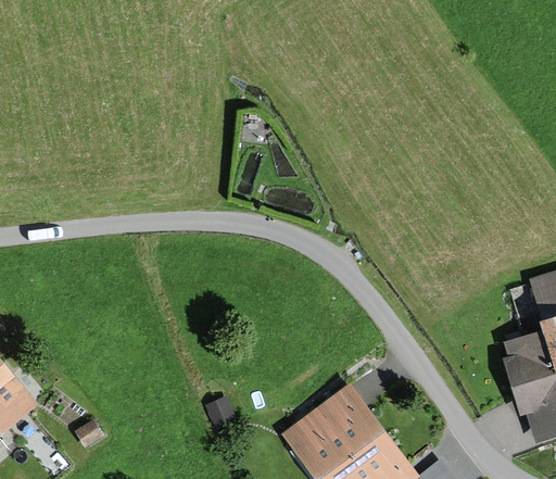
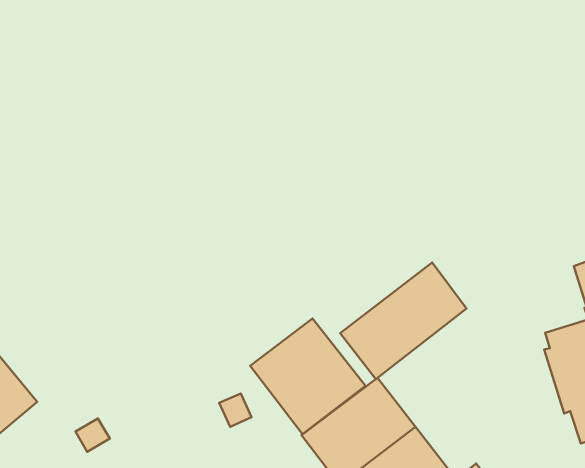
building: none -> [340,263,467,379]
building: none -> [250,319,365,434]

